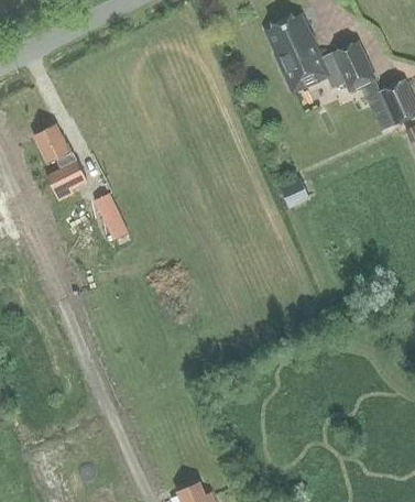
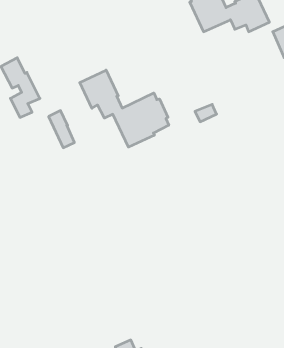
building: none -> [80,70,169,147]

